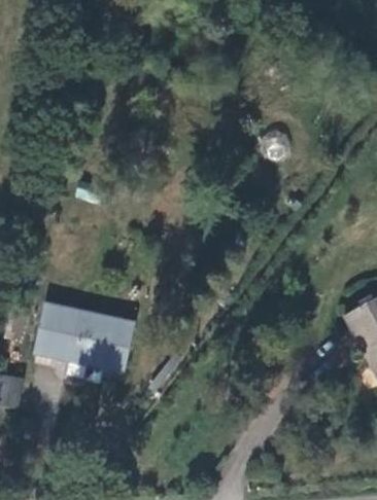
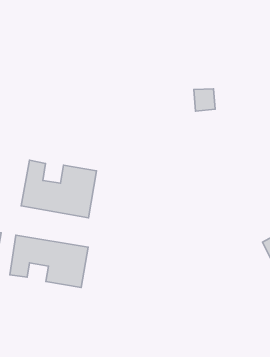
building: none -> [21,160,97,218]

